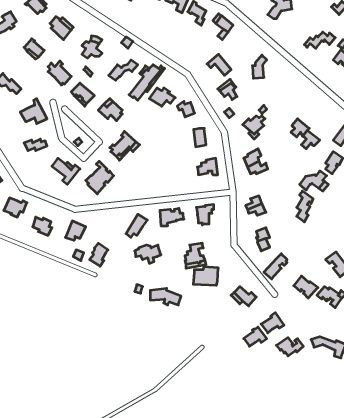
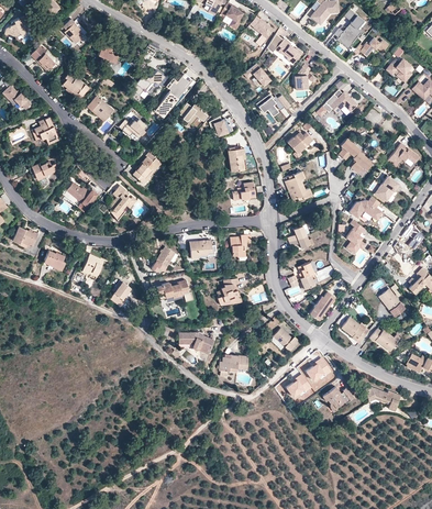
building: none -> [336,11,364,49]
building: none -> [267,35,303,64]
building: none -> [317,91,358,119]
building: [193,267,218,285] -> [220,353,248,374]

